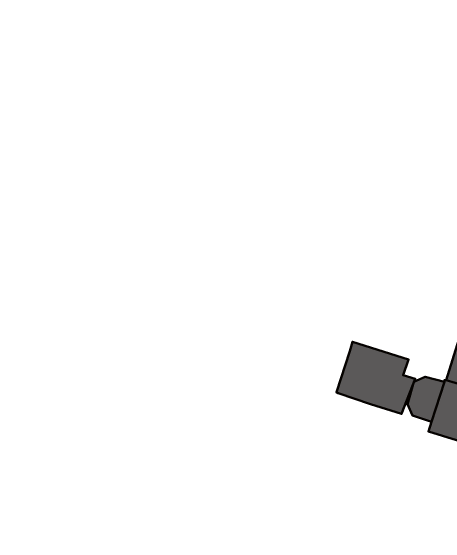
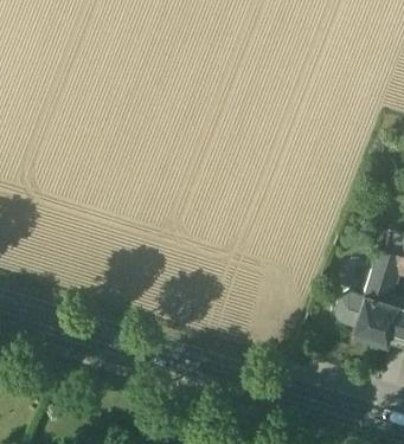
building: [336,342,415,414] -> none

